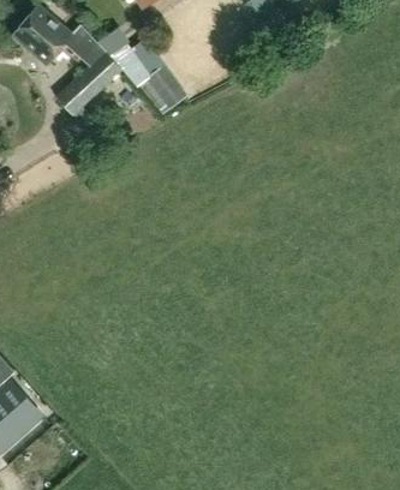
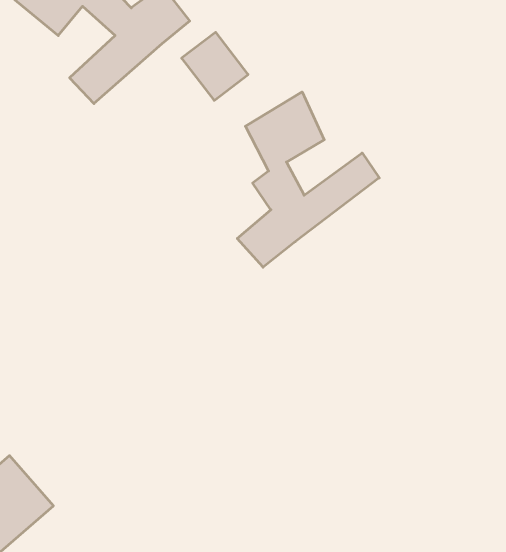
building: none -> [237,92,379,267]

